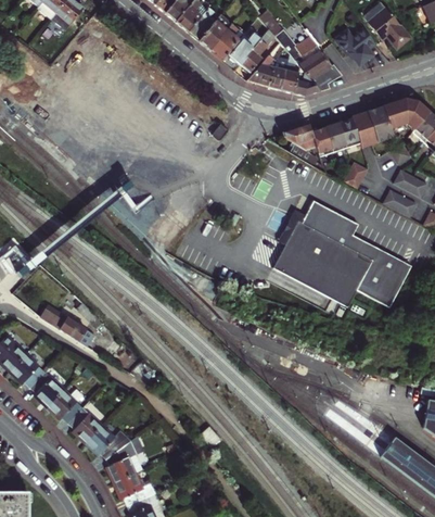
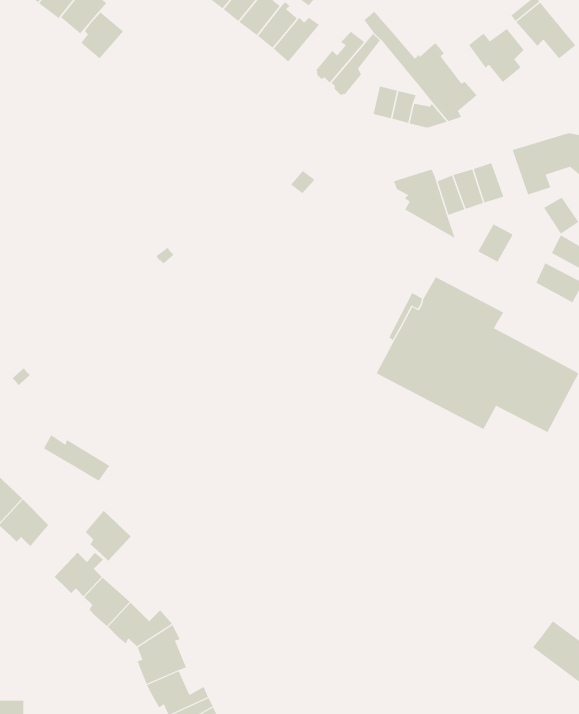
building: none -> [81,12,124,59]
building: [212,24,241,60] -> none
building: [248,51,277,86] -> none
building: [351,111,378,148] -> none
building: [33,371,65,407] -> [85,510,132,561]

